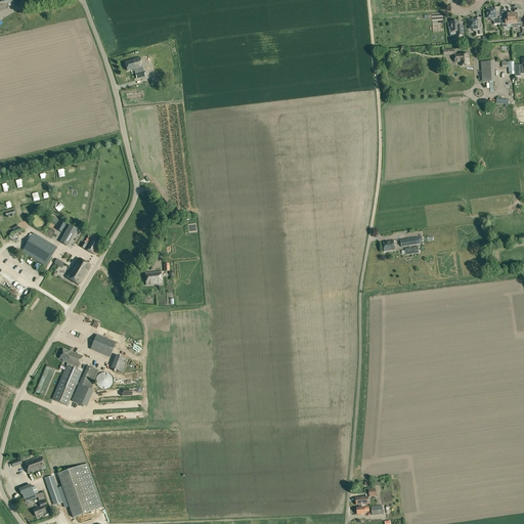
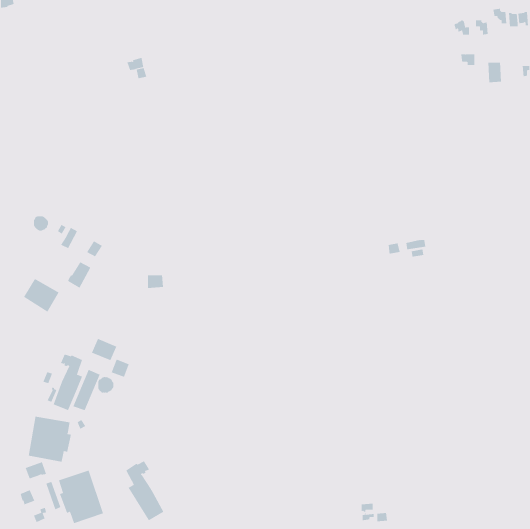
building: [21,232,57,266] -> [23,278,59,312]
building: none -> [28,416,71,462]
building: none -> [125,461,164,521]

